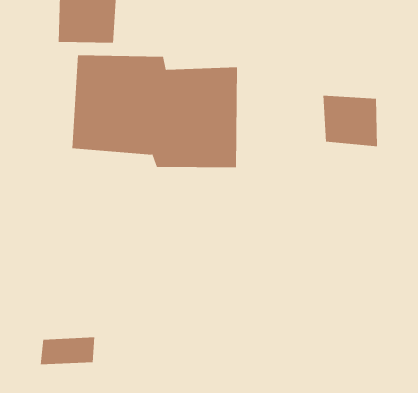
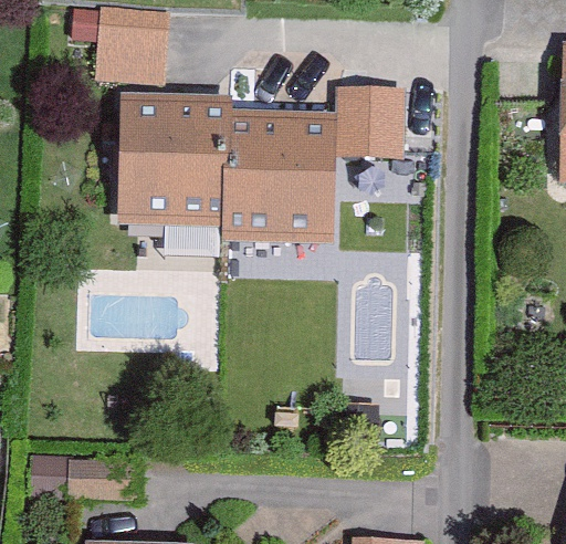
building: [323,95,378,147] -> [338,88,410,156]

